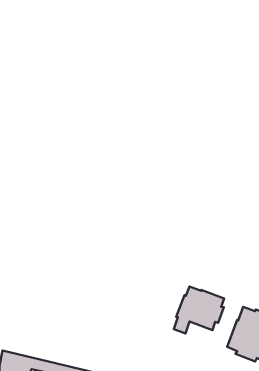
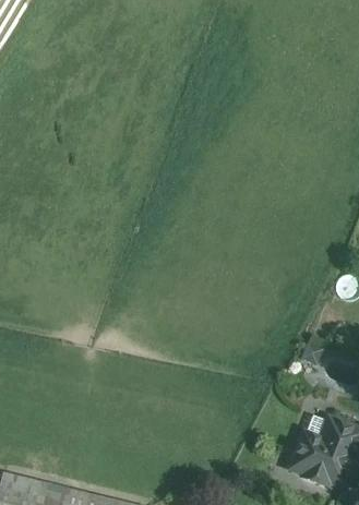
building: [174,286,224,333] -> none

